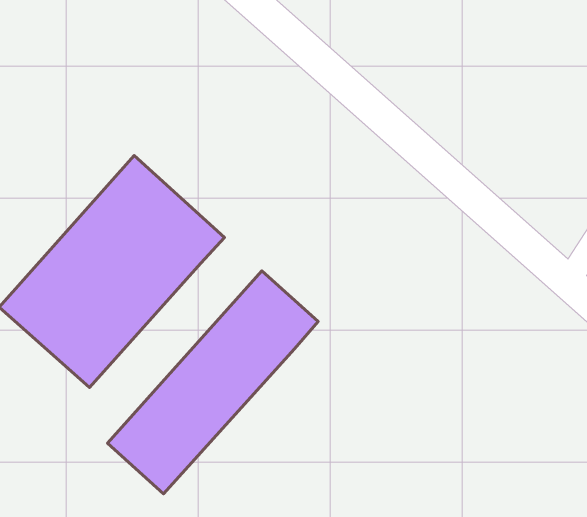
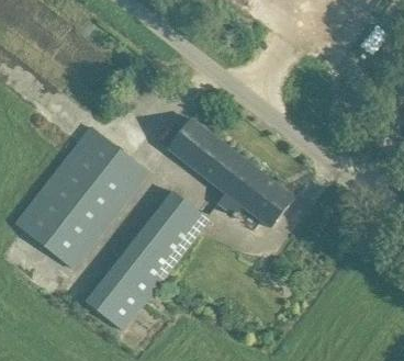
building: none -> [167,116,294,225]

